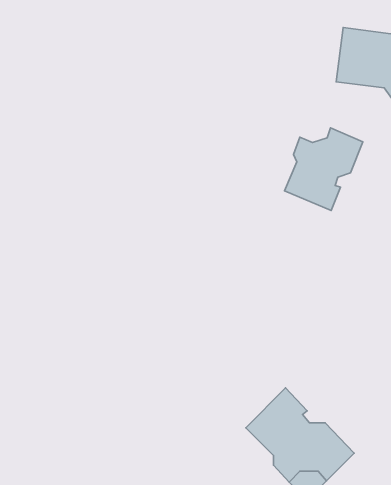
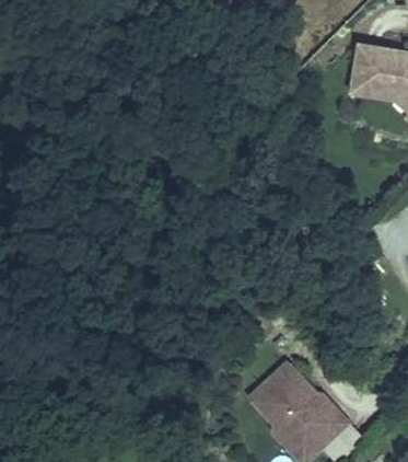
building: [285,128,363,211] -> none

